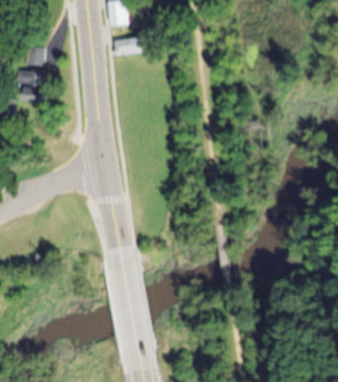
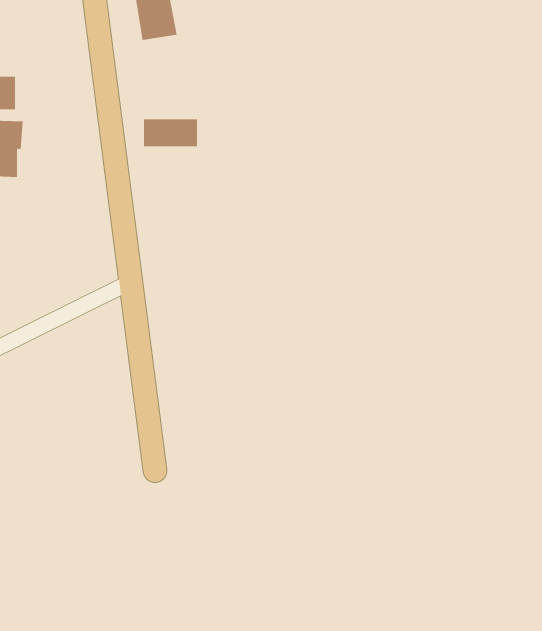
building: [114,38,145,54] -> [143,119,198,147]

